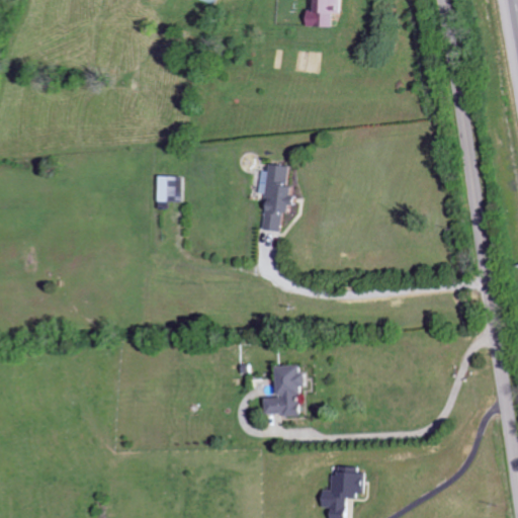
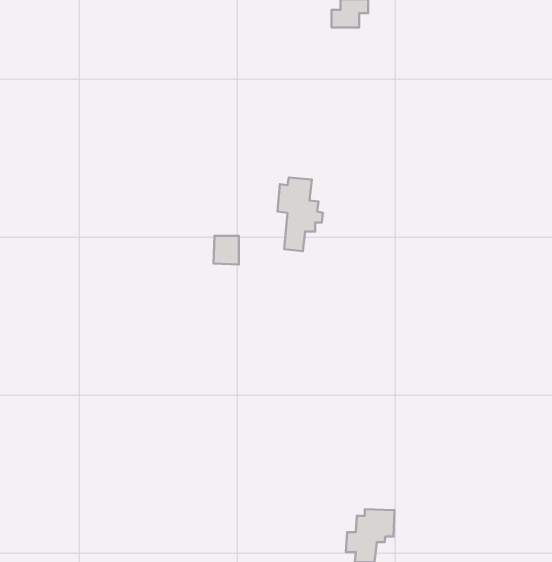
building: [154,175,177,201] -> [213,236,239,264]
building: [262,364,304,415] -> none

